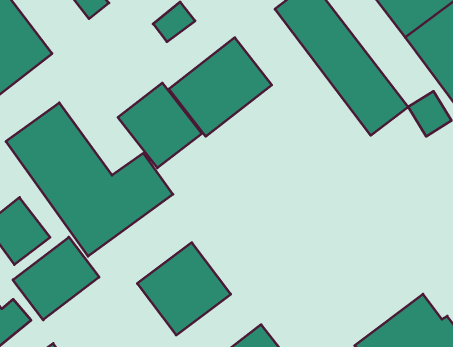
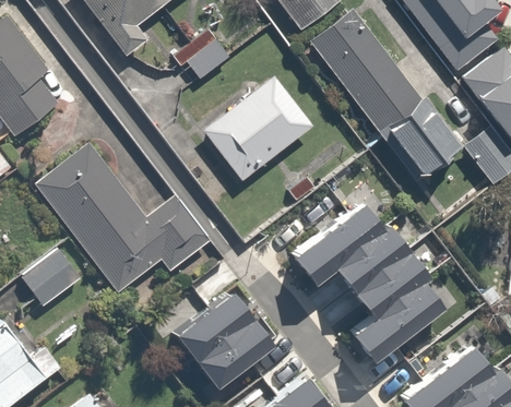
building: [118,83,202,168] -> none
building: none -> [293,201,443,359]
building: [13,237,99,320] -> none

